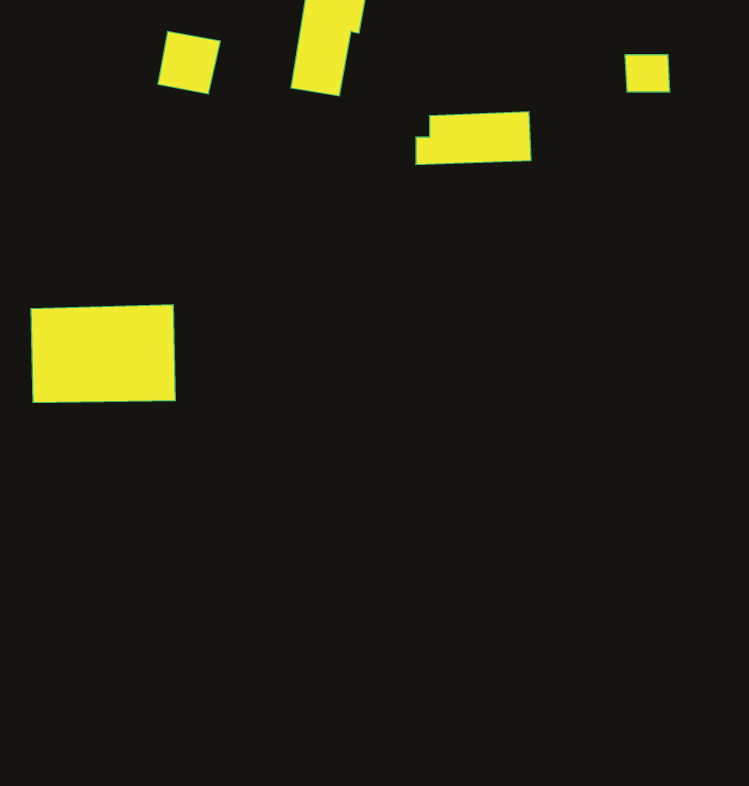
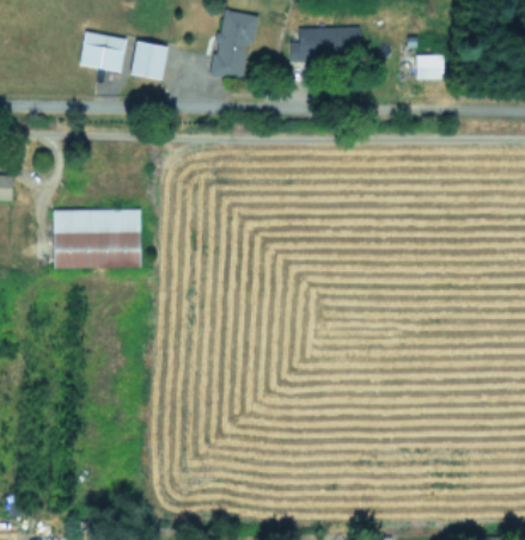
building: none -> [79,30,127,72]
building: [416,112,531,165] -> [291,26,361,59]

